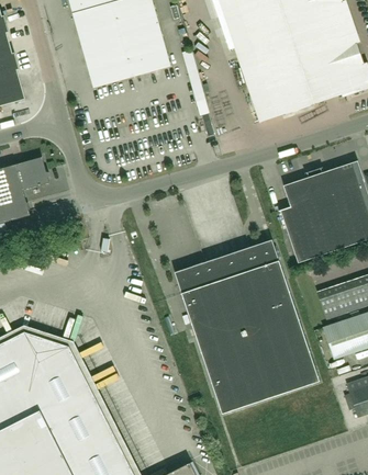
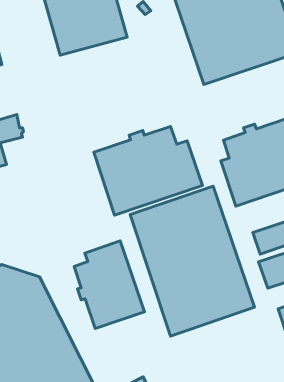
building: none -> [94,127,202,215]
building: none -> [74,241,144,329]

